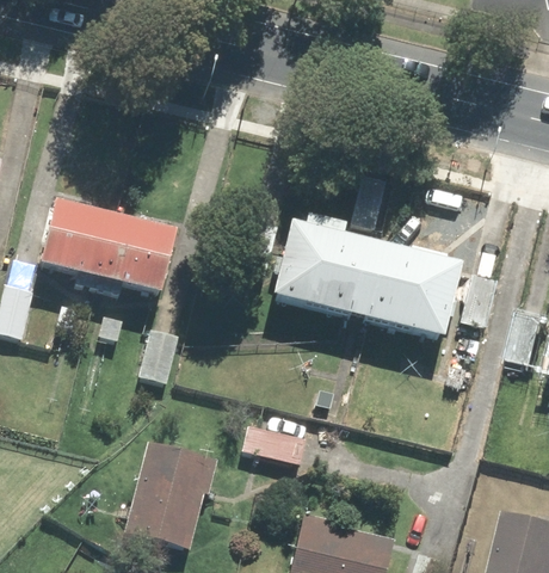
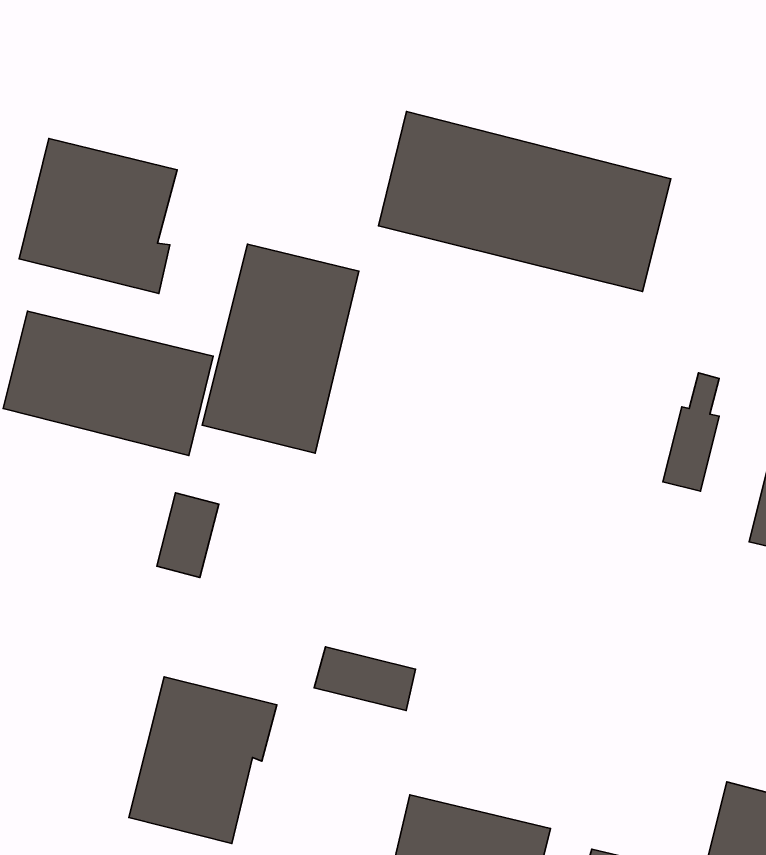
building: none -> [19,138,177,294]
building: none -> [202,244,359,453]
building: [271,222,457,337] -> [378,111,671,292]

